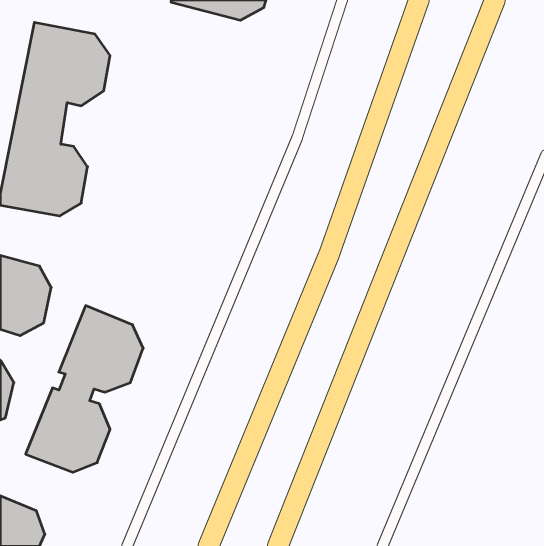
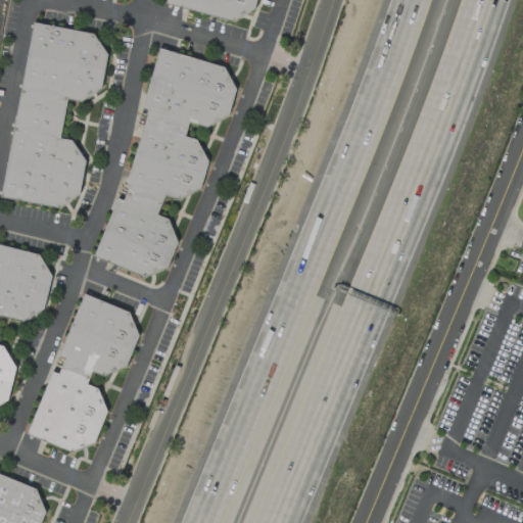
building: none -> [94,48,235,276]

